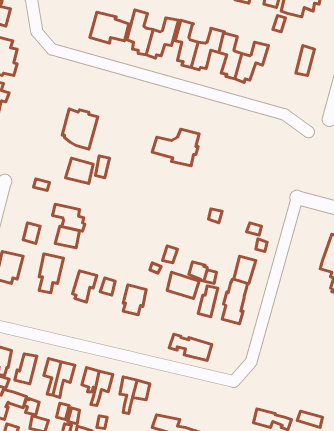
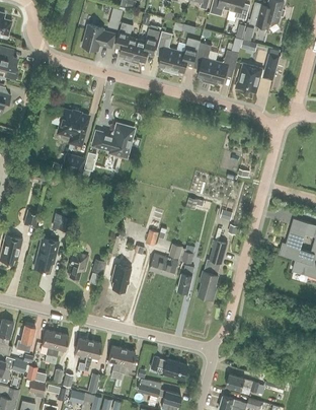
building: none -> [235,64,261,93]
building: [152,129,199,166] -> [91,125,133,157]
building: [53,204,85,231] -> none
building: [169,334,212,360] -> [149,356,186,380]

